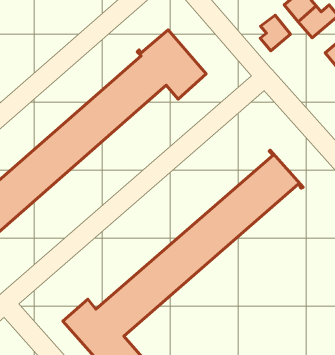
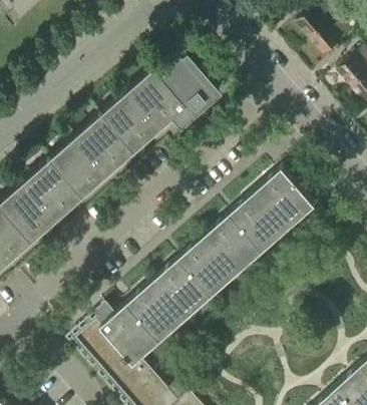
building: [260,15,291,51] -> none

